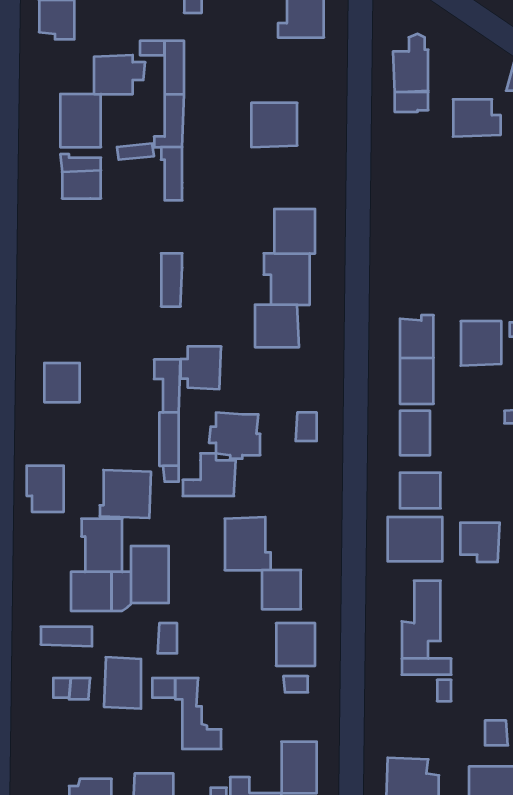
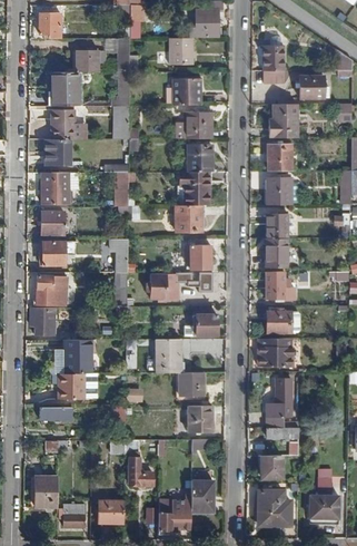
building: none -> [169,38,194,65]
building: none -> [268,105,296,138]
building: none -> [176,113,212,138]
building: none -> [47,138,71,164]
building: none -> [267,144,292,172]
building: none -> [42,173,69,204]
building: none -> [41,212,69,235]
building: [461,321,501,366] -> [266,177,291,205]
building: [181,347,221,389] -> [186,244,211,271]
building: [183,453,236,496] -> [185,310,218,337]
building: [100,470,151,518] -> [34,275,67,305]
building: [460,523,500,562] -> none
building: [131,546,169,603] -> none
building: [104,657,141,709] -> [34,476,58,508]
building: none -> [261,456,282,478]

